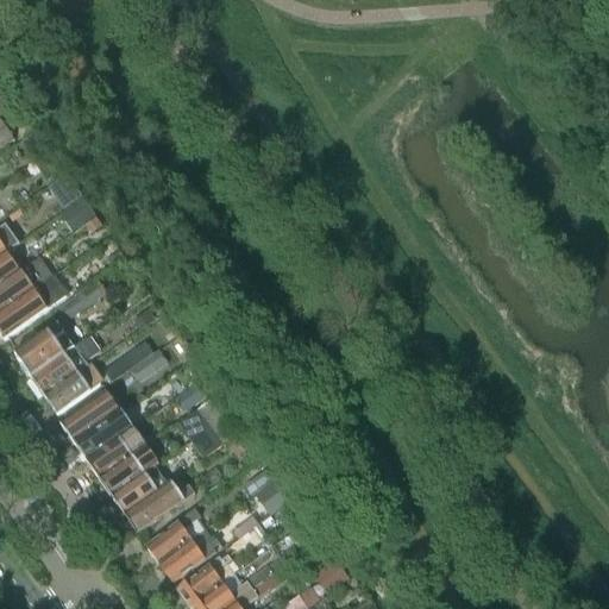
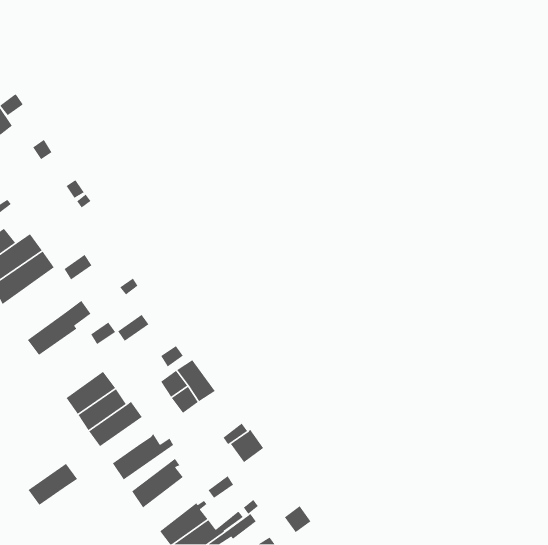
building: [14,322,73,376] -> none
building: [43,364,99,413] -> none
building: [59,389,118,440] -> none
building: [111,465,167,513] -> [28,463,78,506]
building: [158,528,218,582] -> none

